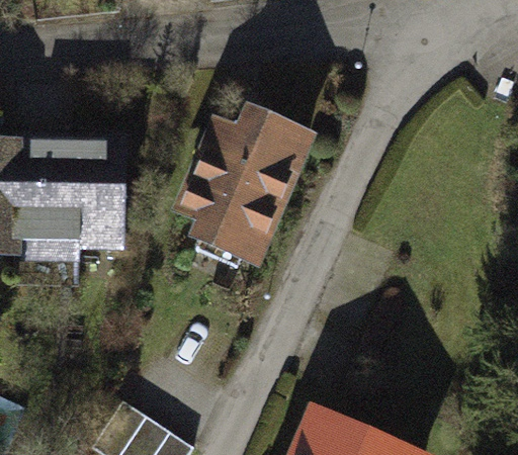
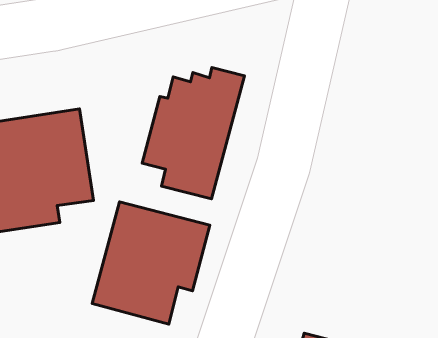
building: none -> [92,202,210,324]

